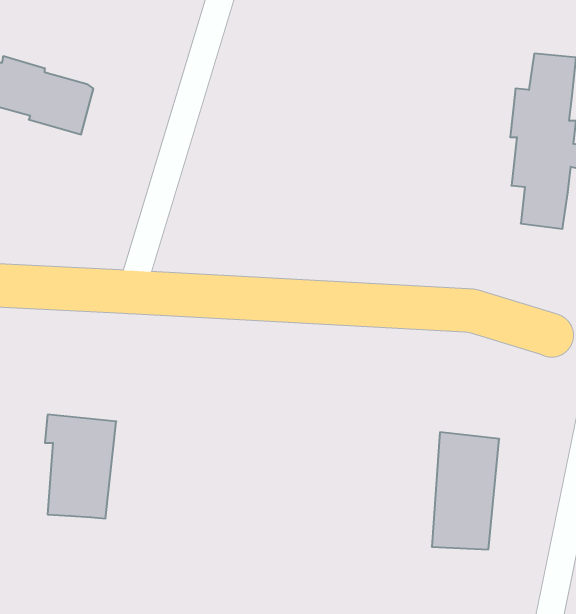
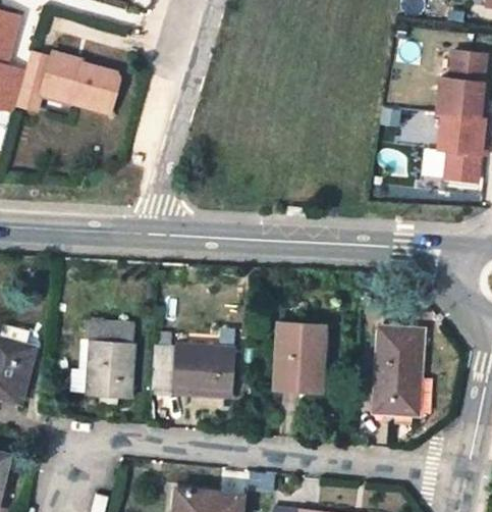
building: none -> [275,327,325,397]
building: none -> [151,345,235,401]

